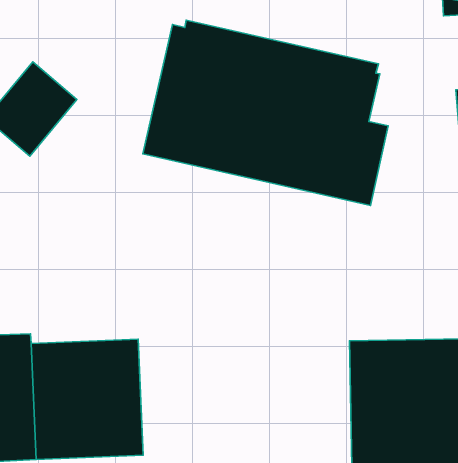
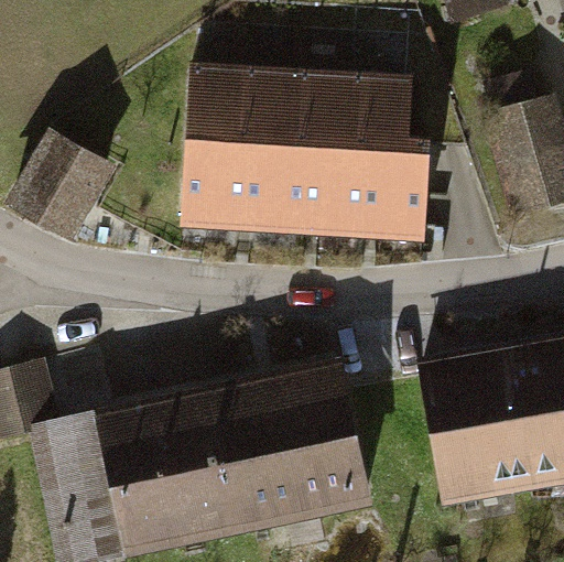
building: none -> [212,381,369,528]

